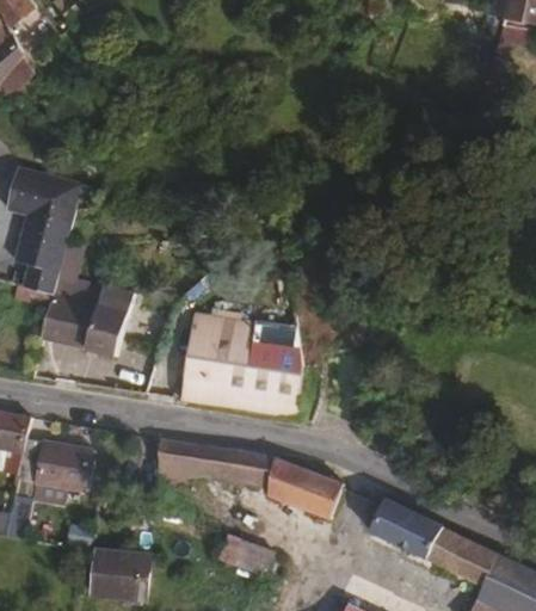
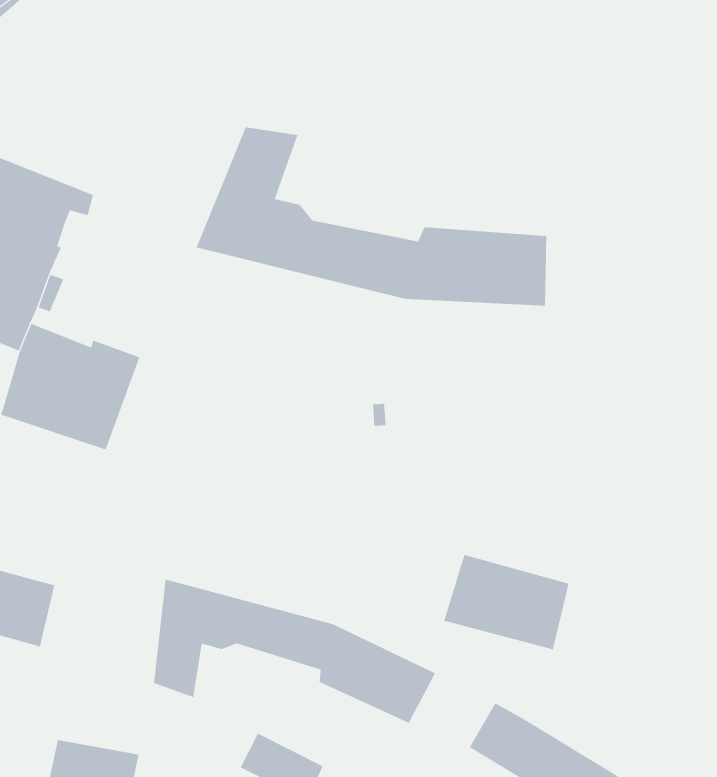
building: none -> [196,127,547,306]
building: [181,317,302,419] -> none
building: none -> [444,554,569,650]

